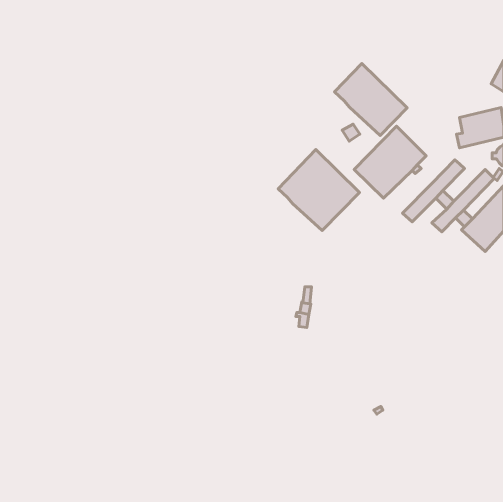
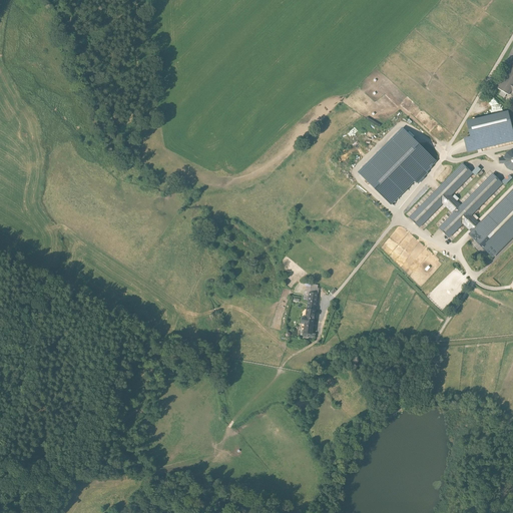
building: [335,63,407,135] -> none
building: [278,150,360,231] -> none

